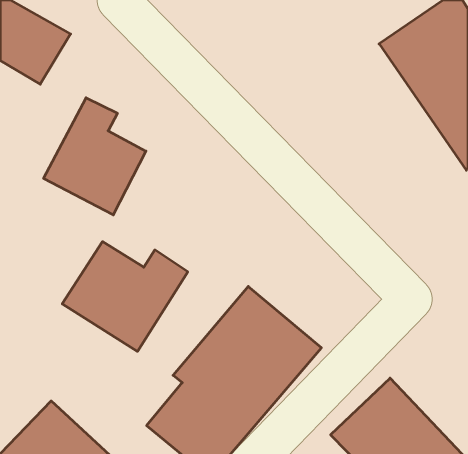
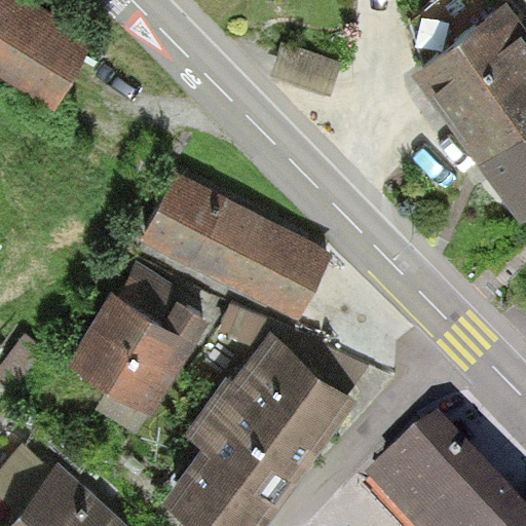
building: [44,98,146,215] -> none
building: none -> [140,173,325,315]

